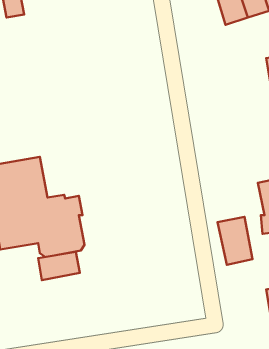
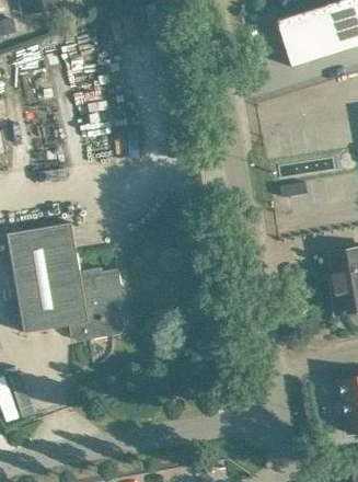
building: [217,217,253,265] -> none
building: [38,252,80,280] -> none

